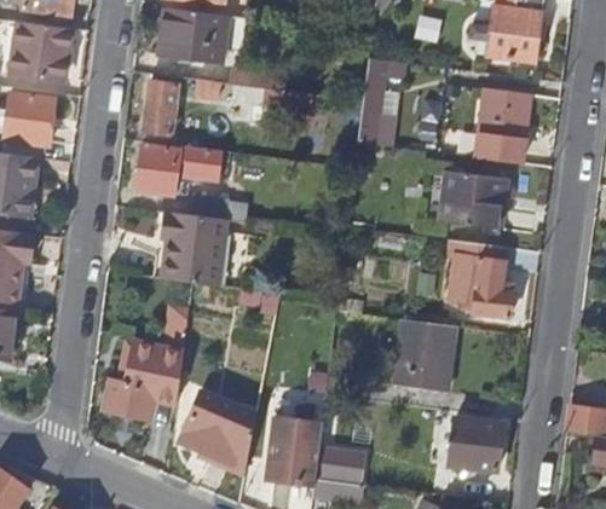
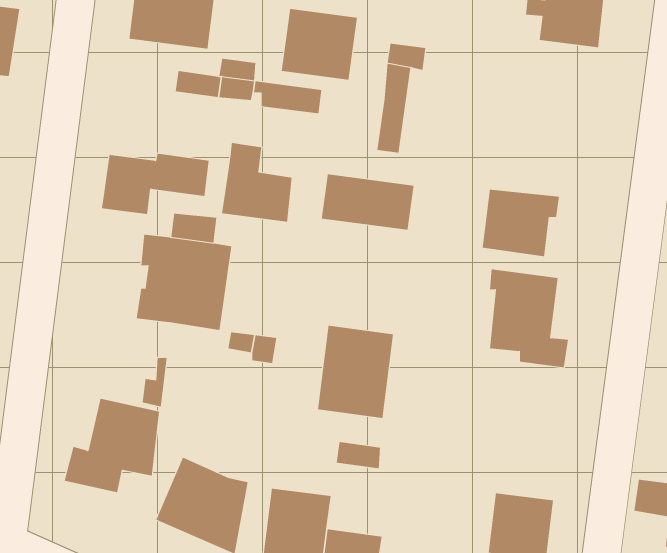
building: none -> [281,8,358,81]
building: [144,81,178,133] -> none
building: [478,89,531,164] -> none
building: none -> [222,142,292,223]
building: none -> [321,173,414,231]
building: [392,319,454,394] -> [317,325,394,418]

